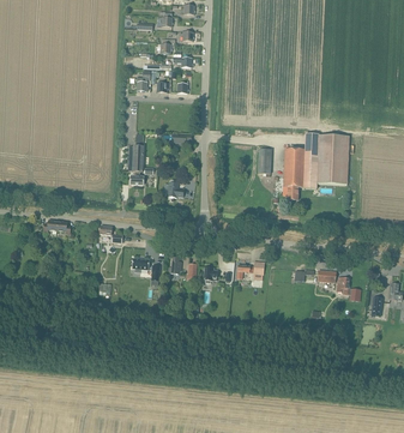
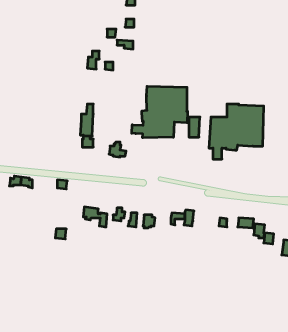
building: none -> [132,86,188,138]

